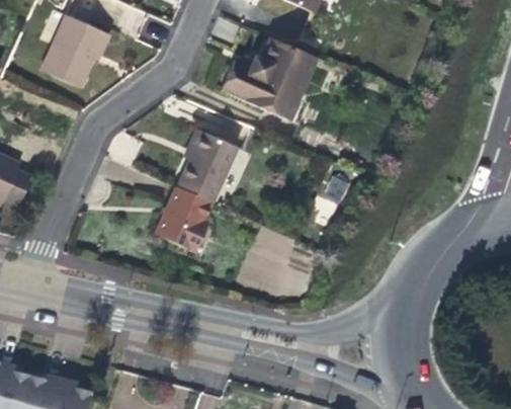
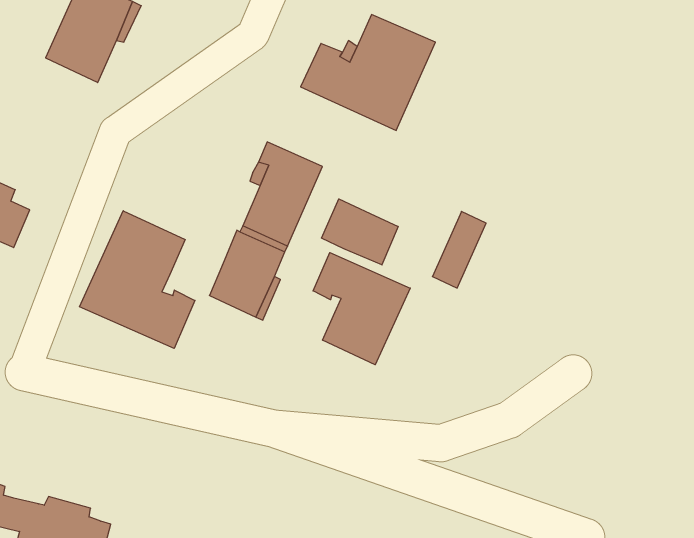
building: none -> [322,199,398,265]
building: none -> [80,211,195,348]
building: none -> [313,253,410,365]

